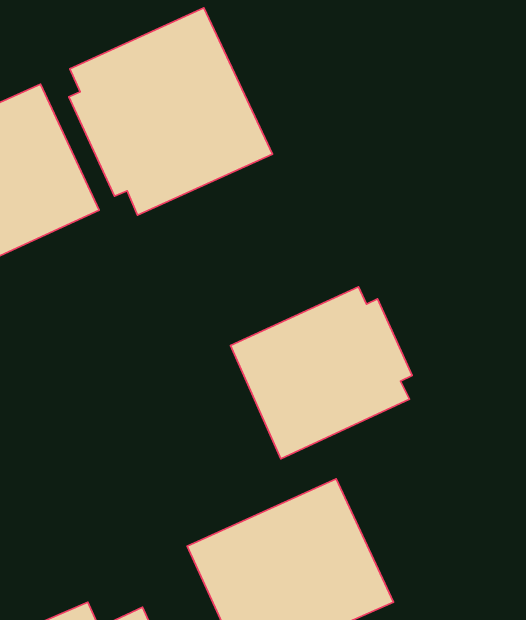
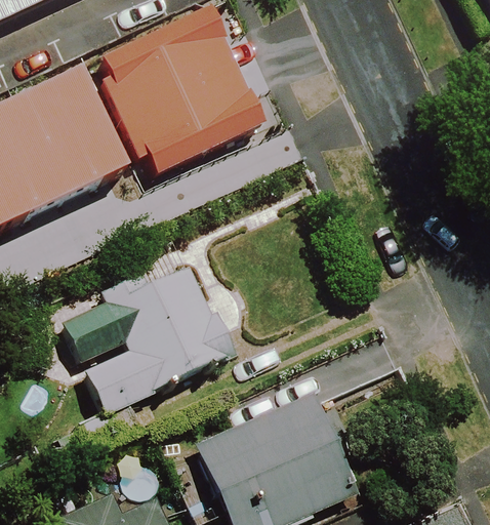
building: [230,287,412,459] -> none
building: none -> [62,266,230,410]

